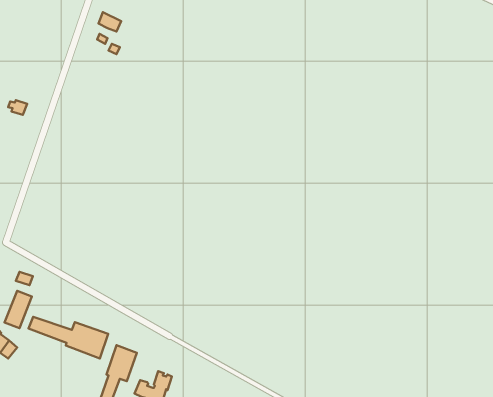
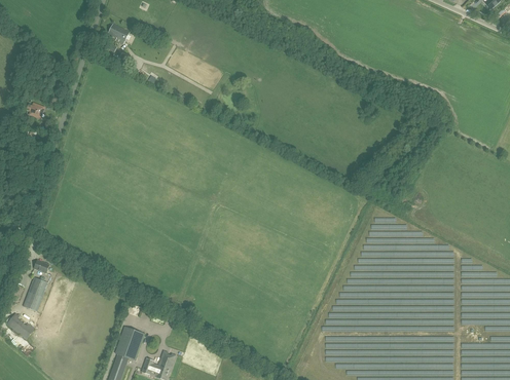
building: [29,317,108,358] -> none

